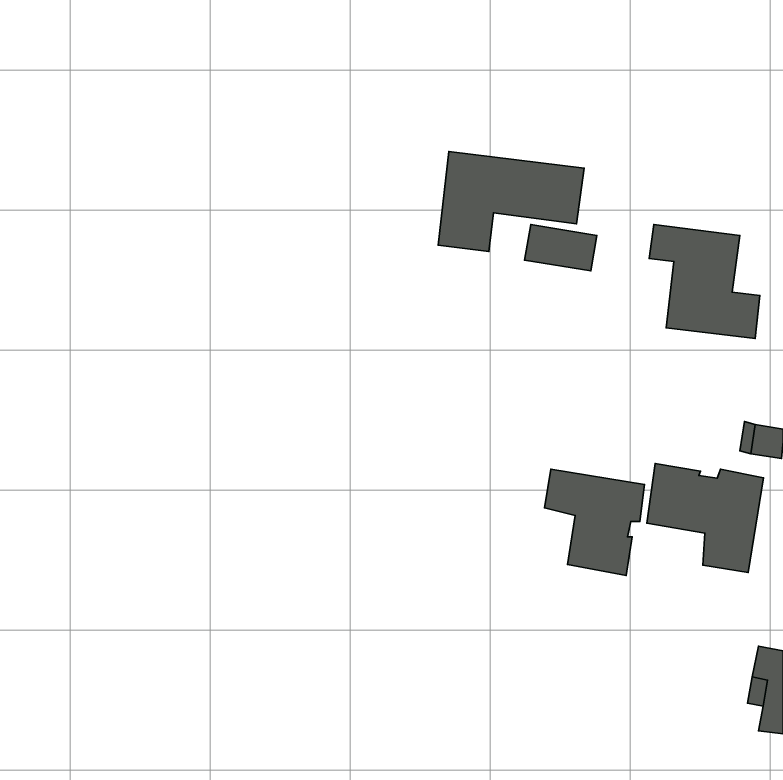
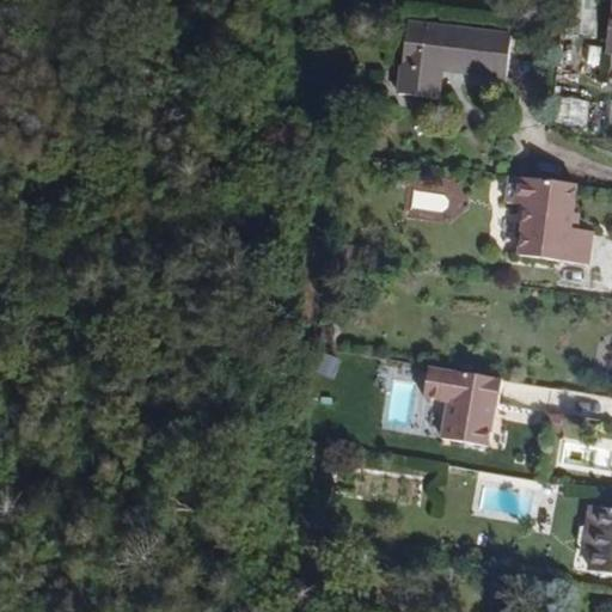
building: [438,151,584,251] -> [397,19,510,97]
building: [647,464,764,573] -> none

